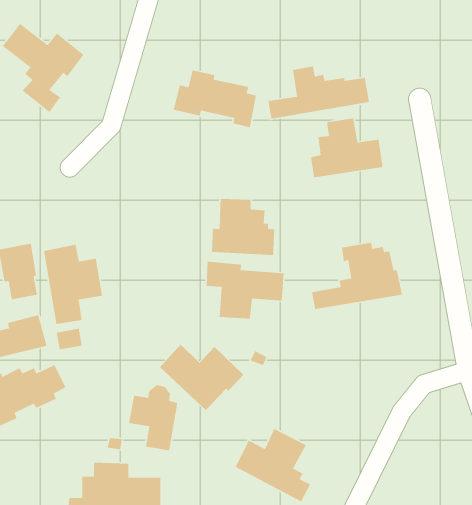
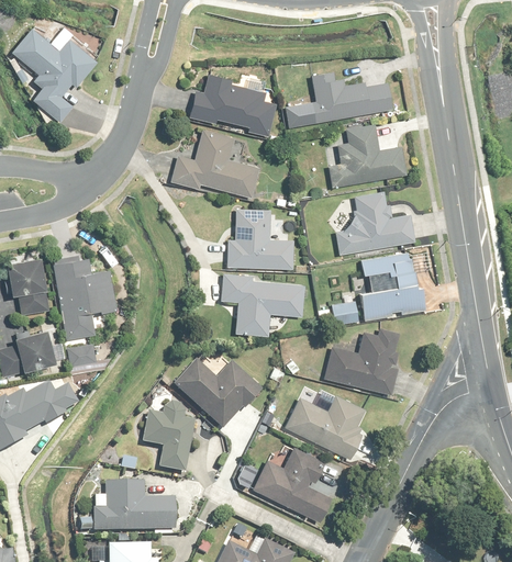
building: none -> [170,133,256,196]
building: none -> [336,193,414,254]
building: none -> [324,331,398,394]
building: none -> [285,396,365,460]

